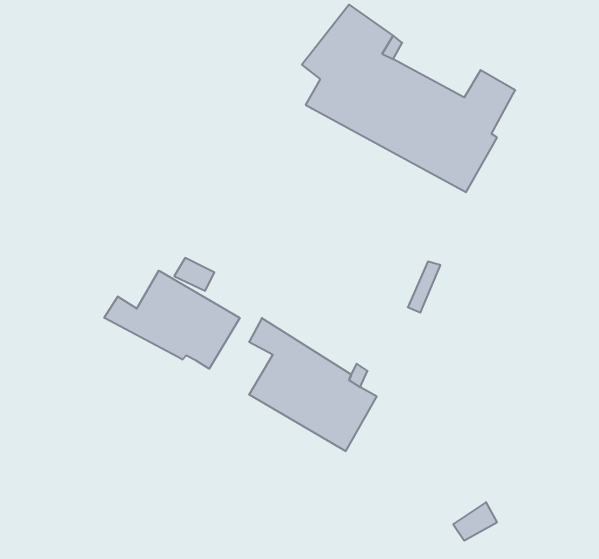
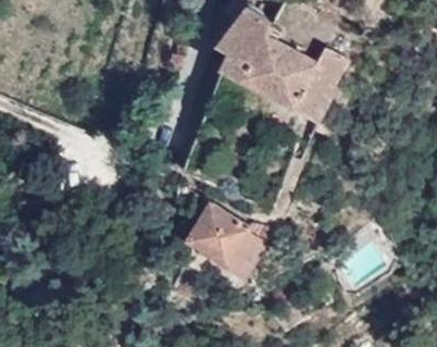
building: [104,271,240,369] -> none

